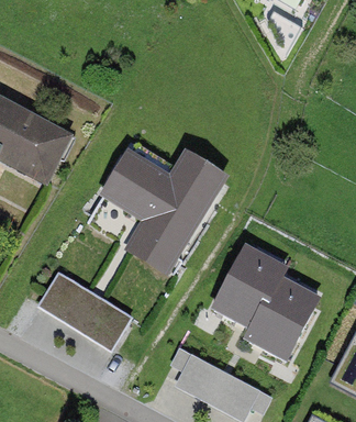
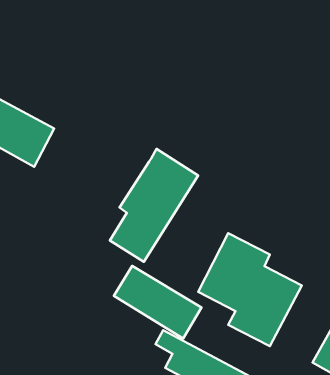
building: [93,140,167,219] -> none
building: [35,273,125,347] -> [114,266,201,339]

